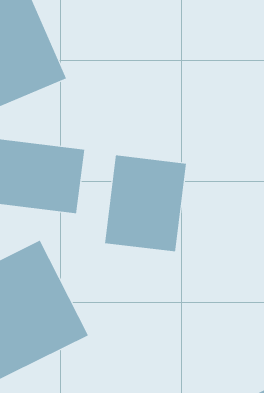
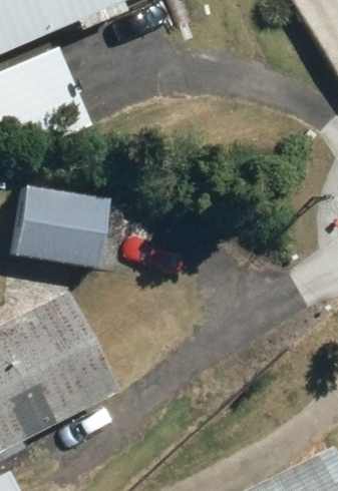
building: [104,155,186,252] -> none

